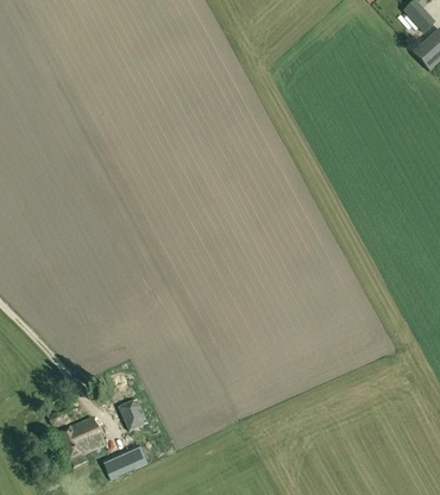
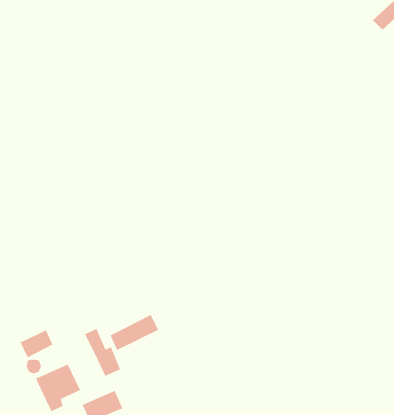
building: none -> [110,314,159,351]
building: none -> [20,329,53,358]

